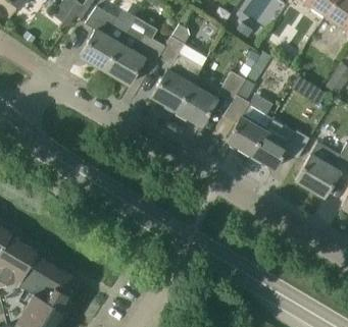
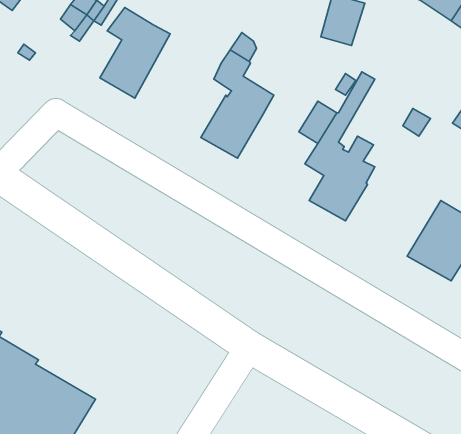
building: [105,25,165,85] -> none
building: [177,83,218,126] -> none
building: [252,130,310,169] -> none

